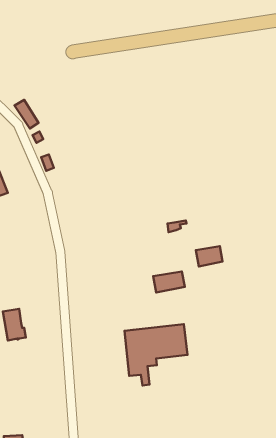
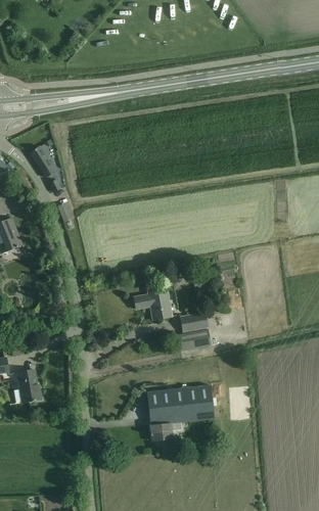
building: none -> [134,288,172,320]
building: [196,246,223,266] -> [180,312,209,333]

